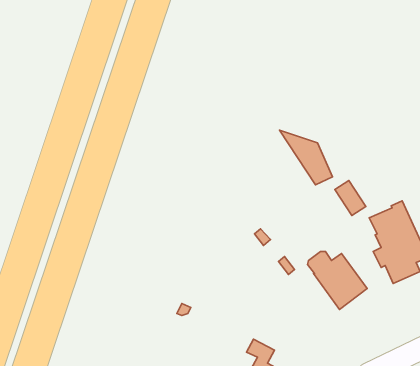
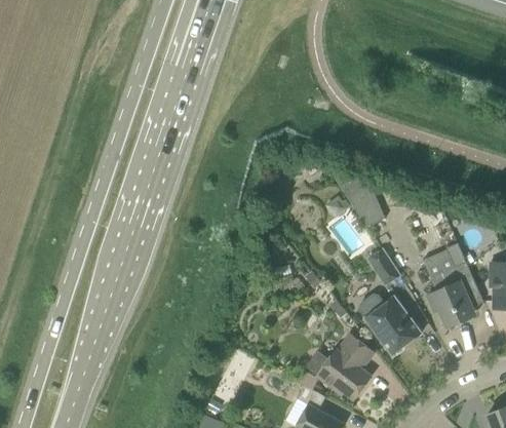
building: [335,181,366,215] -> [367,248,399,284]
building: none -> [309,336,372,398]

